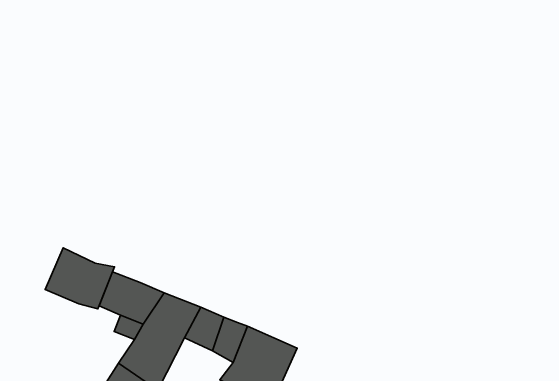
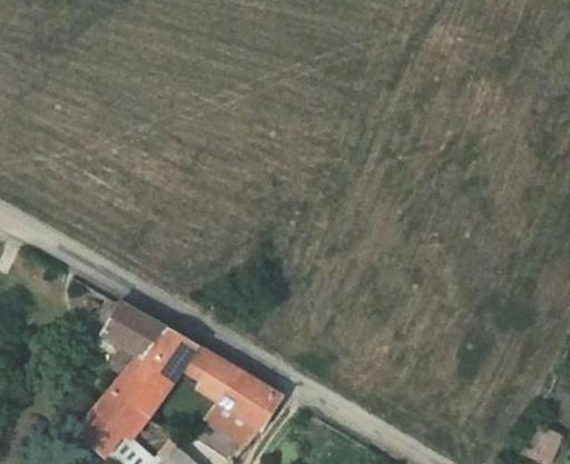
building: [45,248,115,309] -> none

